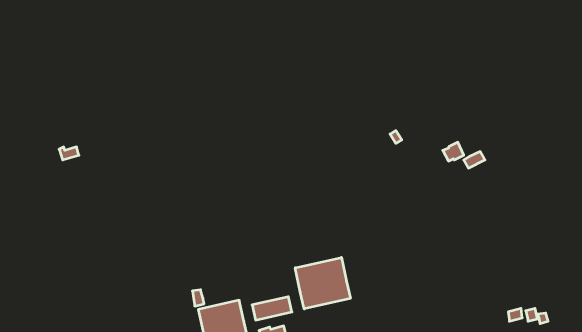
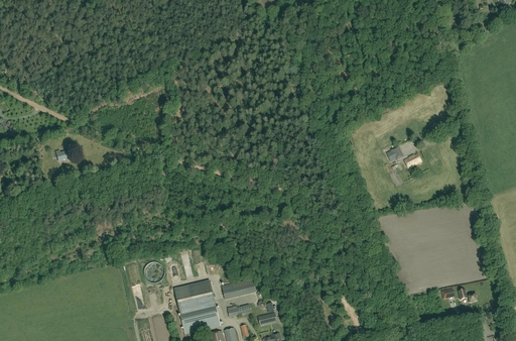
building: [295,257,350,309] -> none

